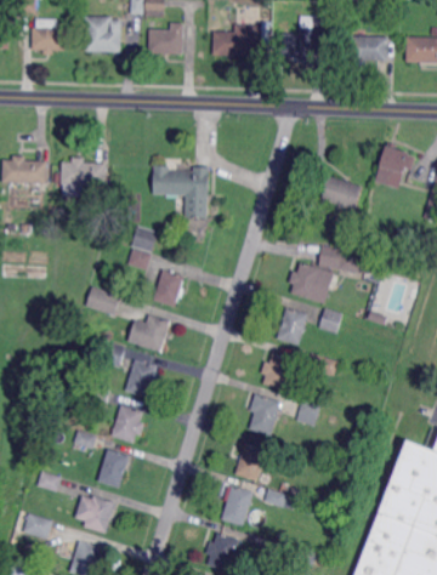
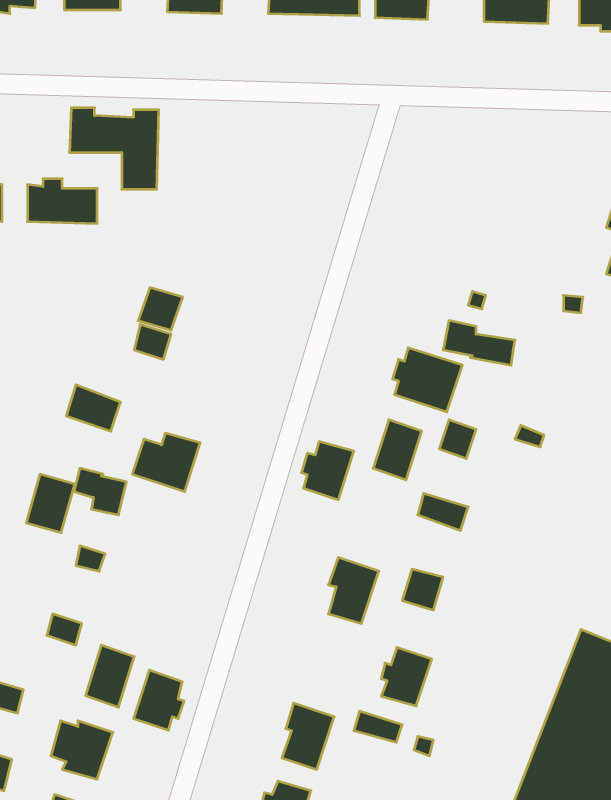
building: [374,142,415,188] -> none
building: [153,165,209,216] -> [69,108,159,189]
building: [322,175,363,209] -> none
building: [154,268,185,306] -> none
building: [262,353,295,389] -> [301,442,354,500]
building: [125,360,155,397] -> [26,474,75,533]
building: [112,404,143,442] -> [134,670,184,730]
building: [235,443,267,479] -> [381,648,432,706]

